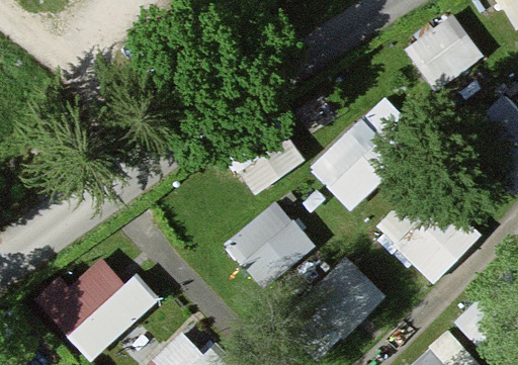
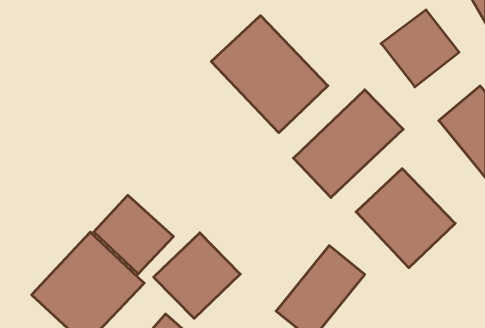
building: none -> [211,16,328,133]
building: [224,199,315,289] -> [154,233,240,318]
building: none -> [94,195,173,274]

